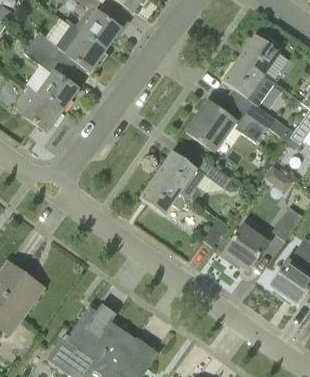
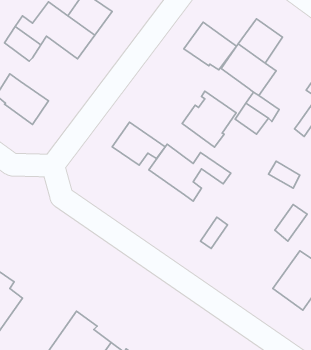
building: none -> [184,22,237,70]
building: [36,70,78,111] -> none
building: [139,175,188,215] -> [112,122,165,165]
building: [223,224,268,270] -> none

